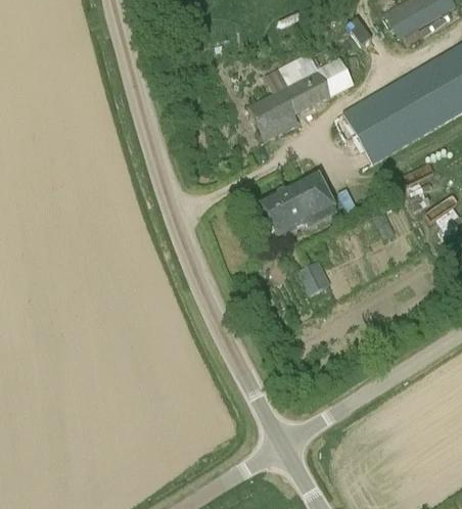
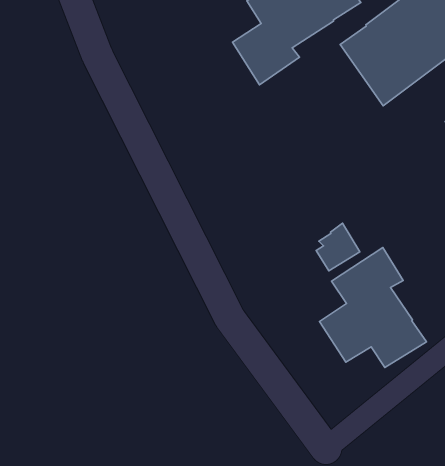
building: [261,172,337,239] -> none
building: none -> [319,247,426,367]

